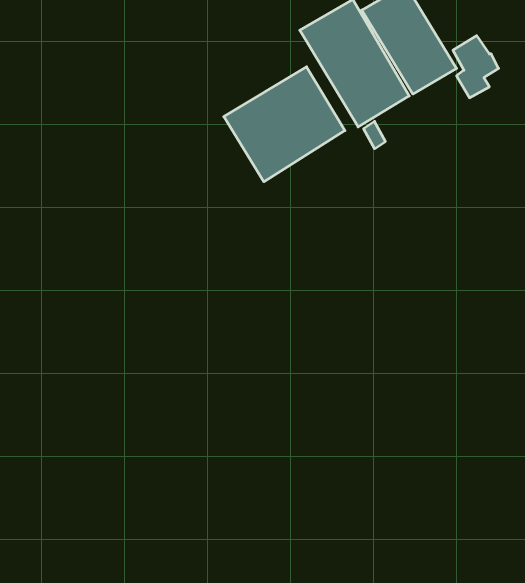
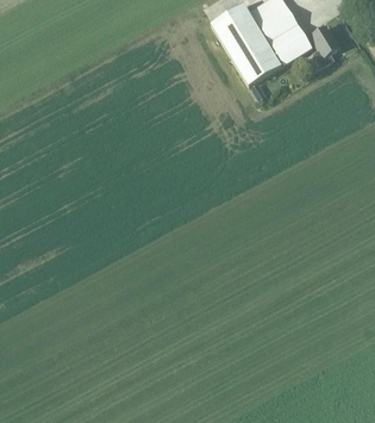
building: [224,67,345,182] -> none

